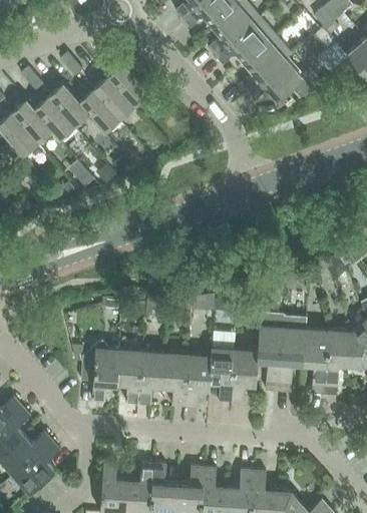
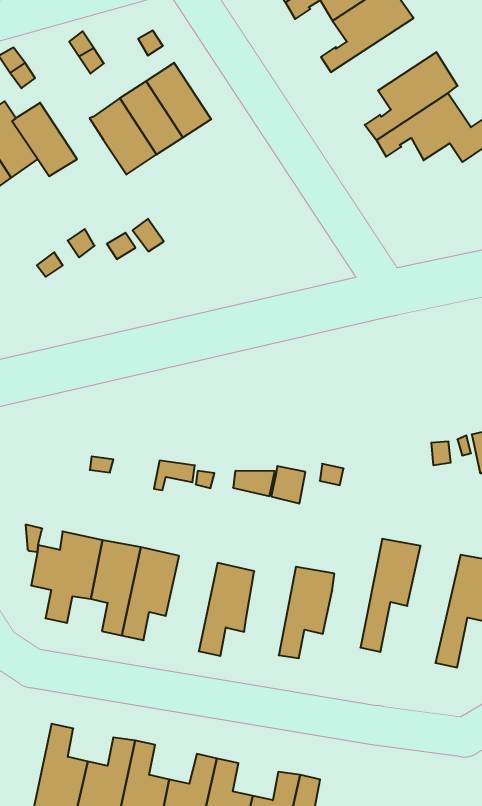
building: [216,19,276,66] -> none
building: [48,84,88,128] -> none
building: [258,325,283,391] -> none
building: [303,327,330,394] -> none
building: [210,347,235,402] -> none
building: [162,352,189,406] -> none

